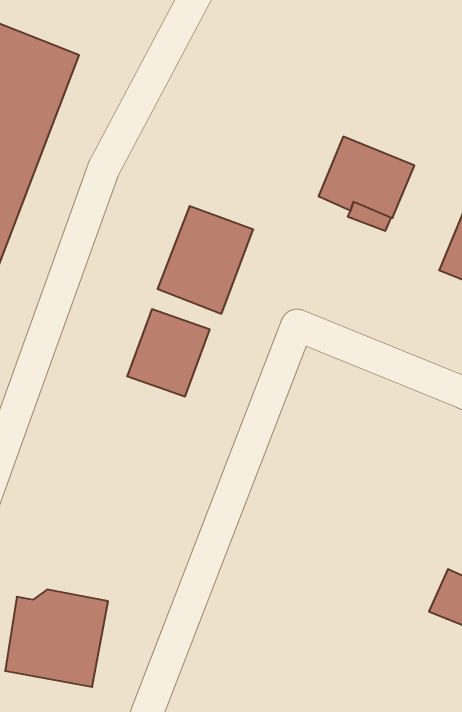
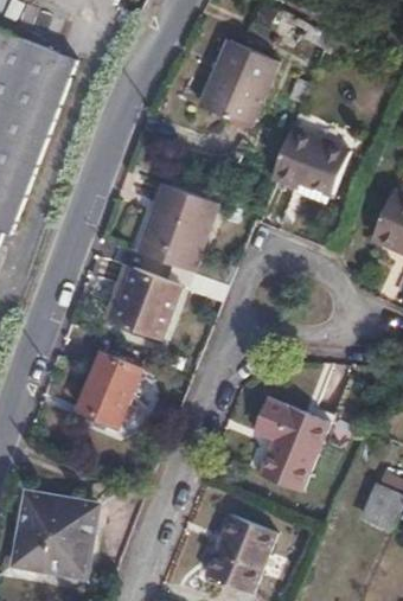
building: none -> [200,43,274,130]
building: none -> [79,351,141,423]
building: none -> [250,392,328,488]
building: none -> [205,511,275,589]

